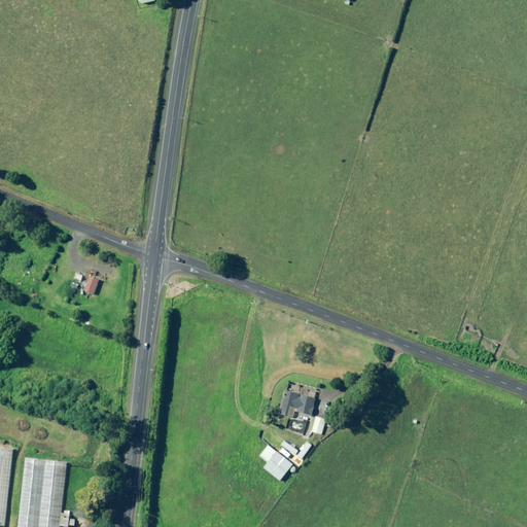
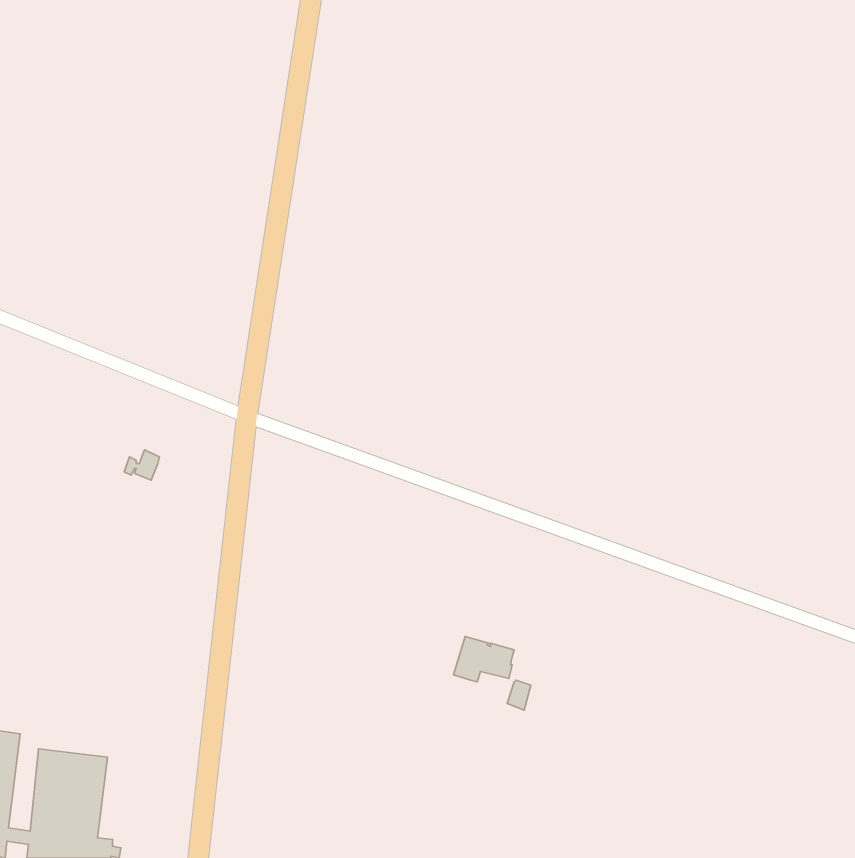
building: [259,446,292,481] -> none

